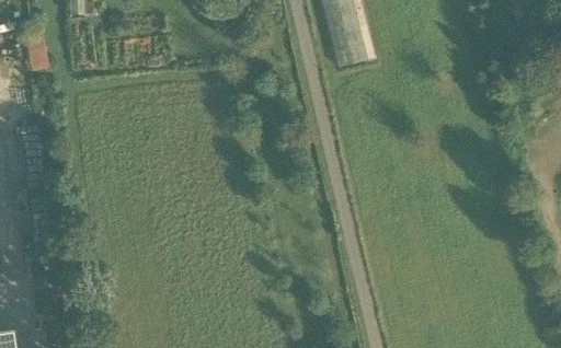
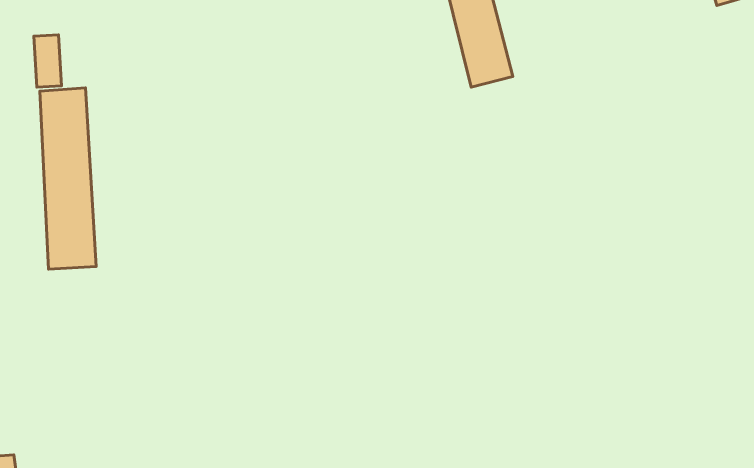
building: none -> [40,88,96,269]

